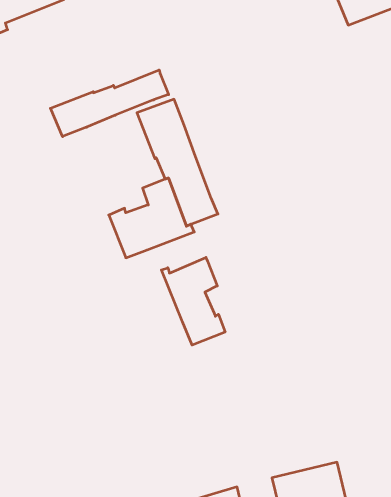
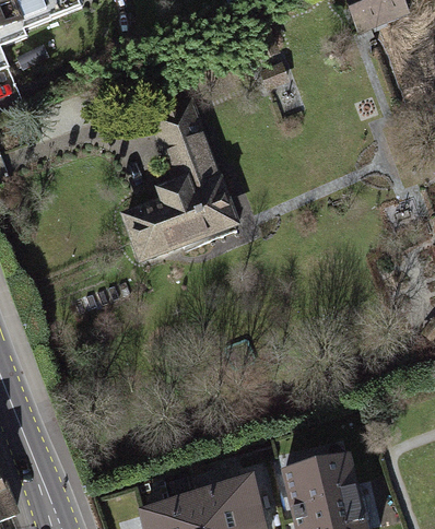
building: [50,70,169,137] -> none
building: [161,257,225,345] -> none

